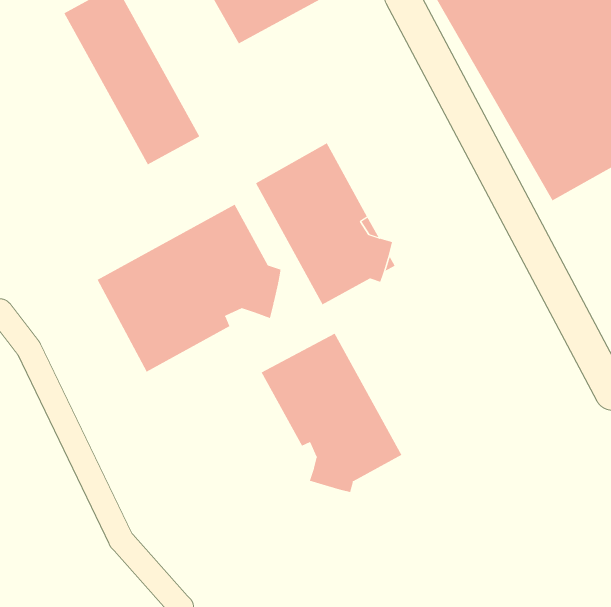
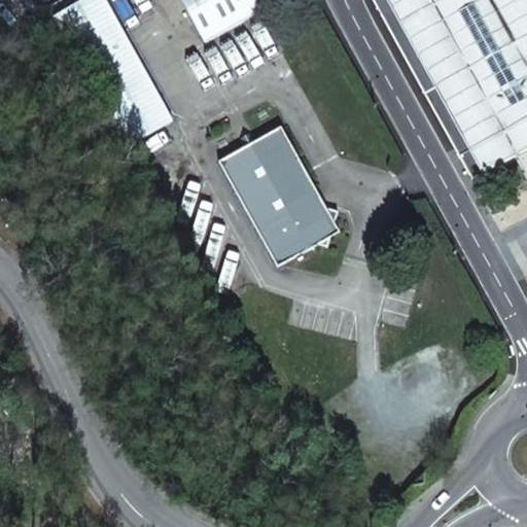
building: [97,204,281,372] -> none
building: [261,333,402,493] -> none

